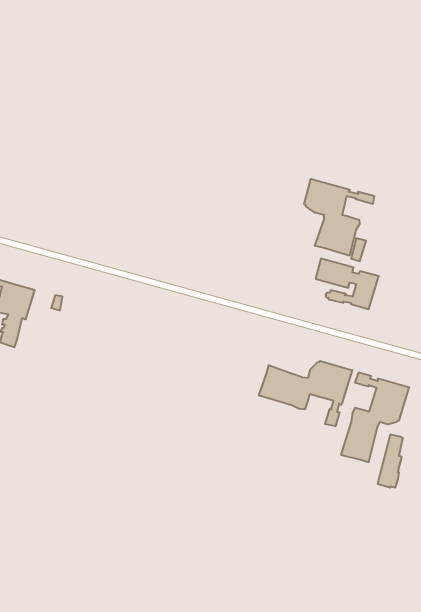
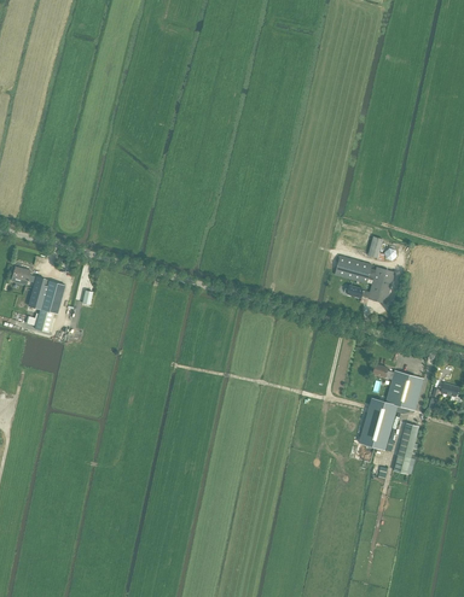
building: [304,179,374,256] -> none
building: [259,361,352,426] -> none

